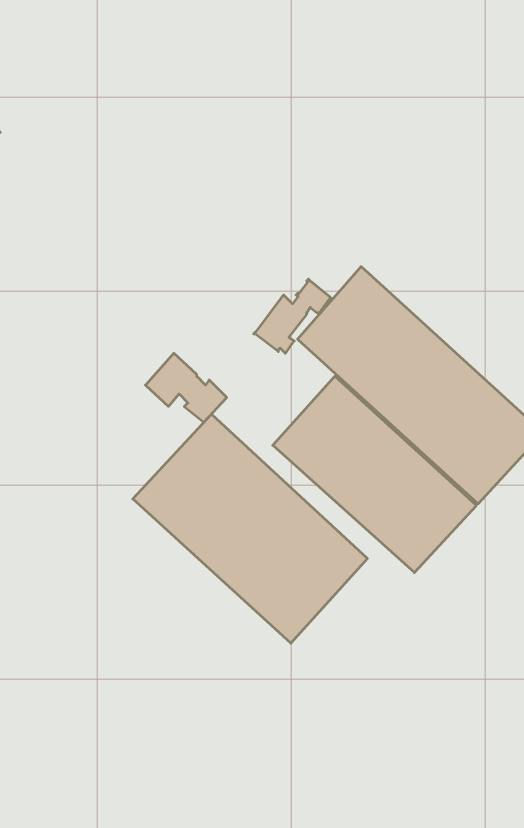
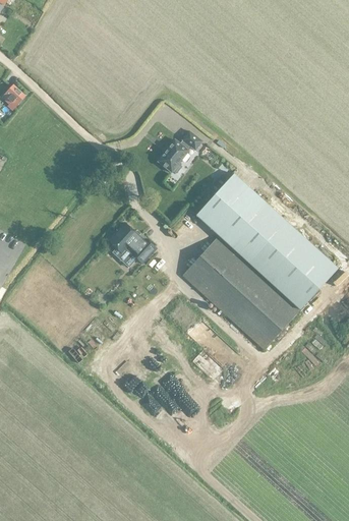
building: [254,279,331,353] -> [158,130,202,173]
building: [133,414,367,643] -> none

